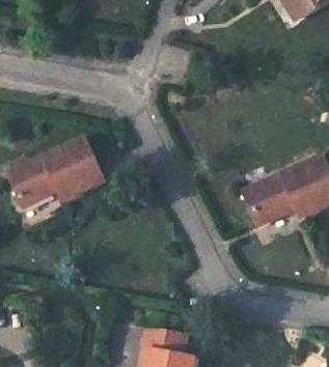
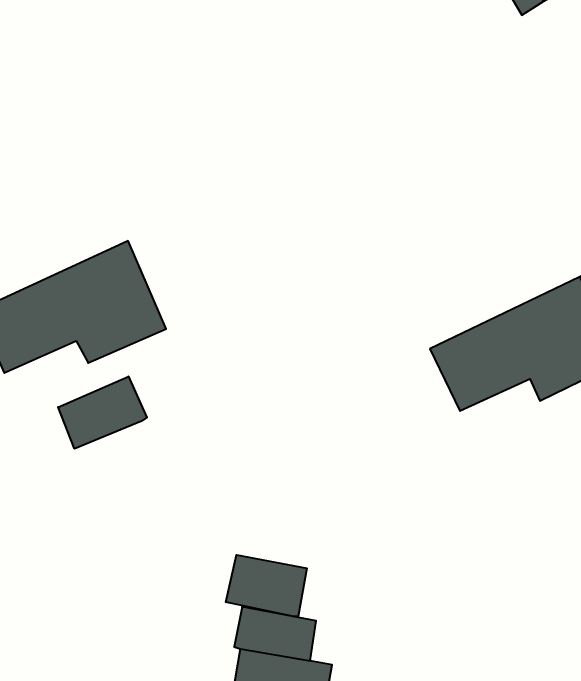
building: none -> [58,376,147,449]
building: none -> [226,555,307,616]

